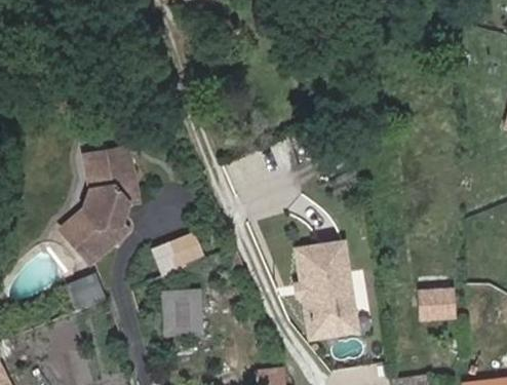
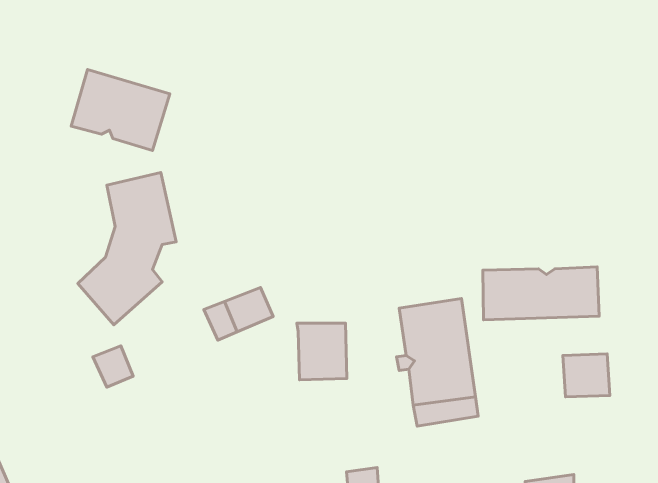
building: none -> [71,69,170,150]
building: none -> [483,267,599,320]
building: [163,291,200,333] -> [297,323,347,380]

